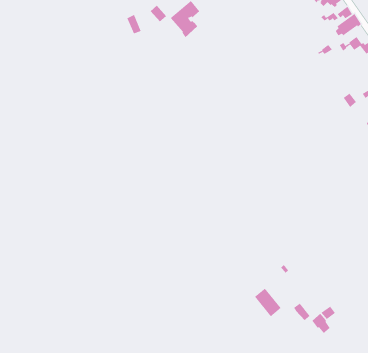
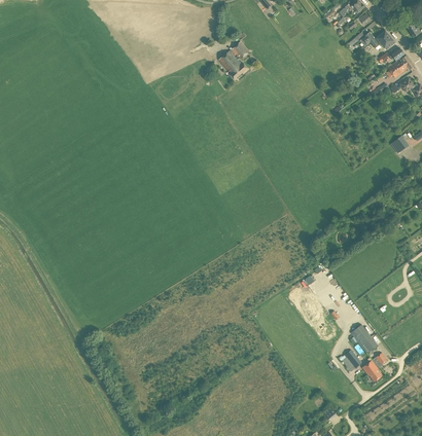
building: [254,288,281,317] -> [350,324,378,354]

